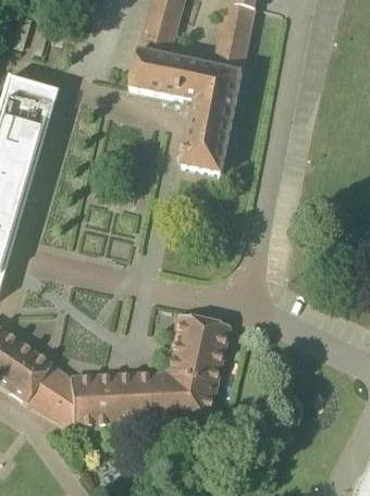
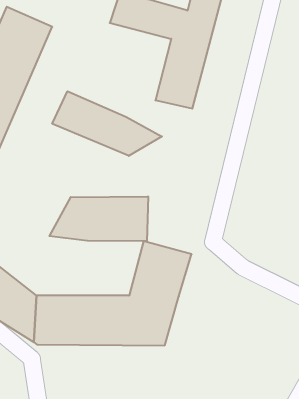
building: none -> [52,91,162,156]
building: none -> [49,196,148,241]

